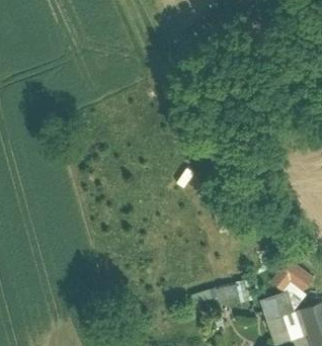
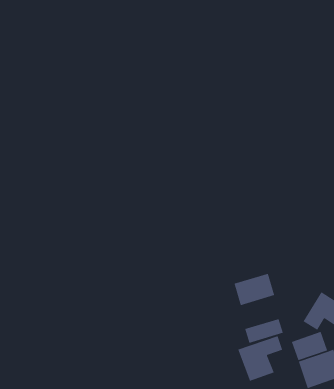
building: none -> [233,273,275,306]
building: none -> [237,335,283,382]

